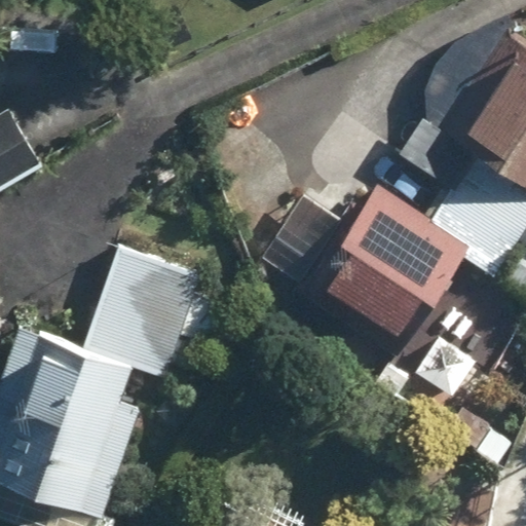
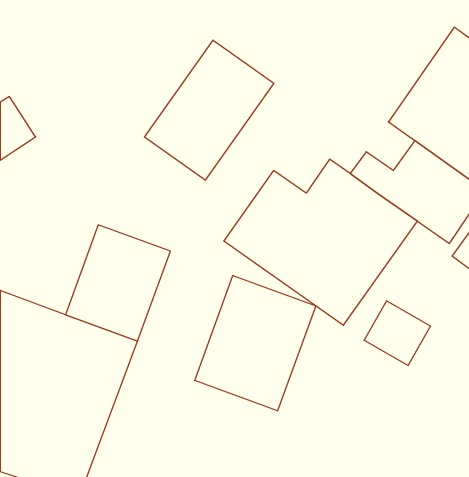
building: none -> [144,40,274,180]
building: none -> [195,275,316,411]

